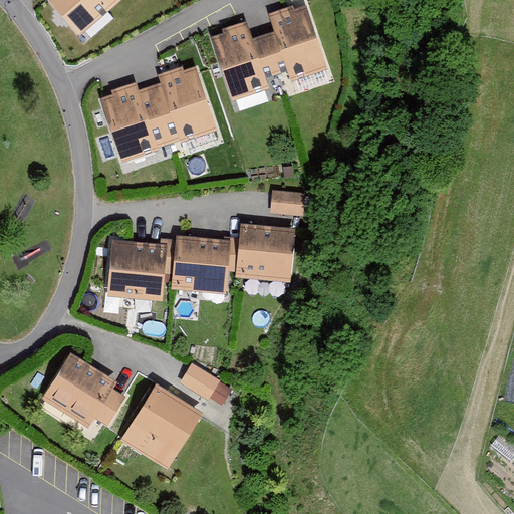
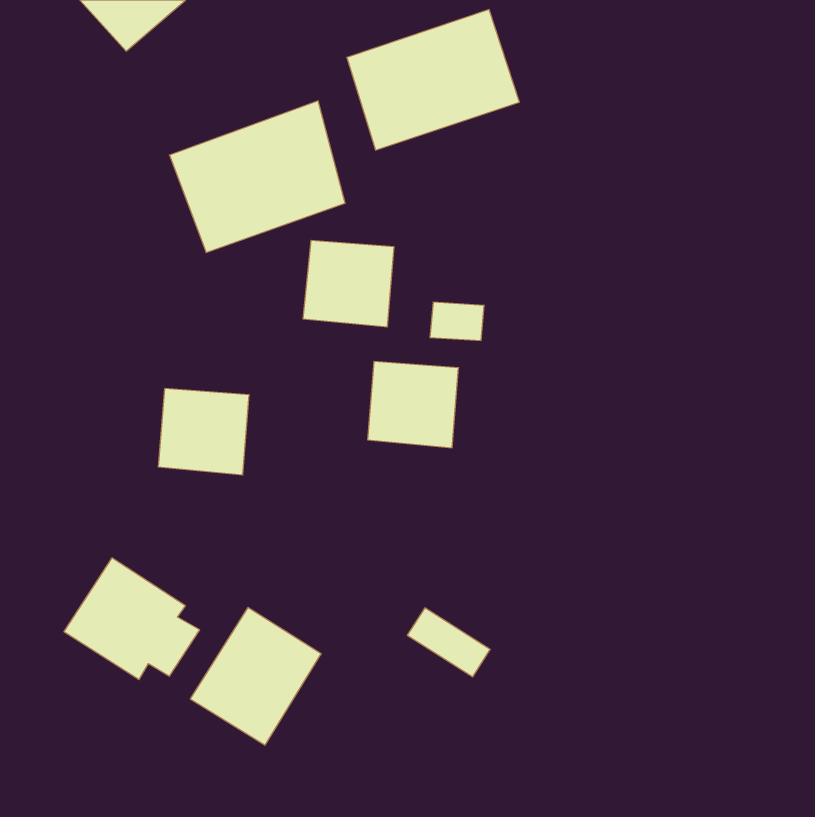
building: [166,238,223,292] -> [303,240,394,327]
building: [180,362,232,406] -> [407,608,490,677]

